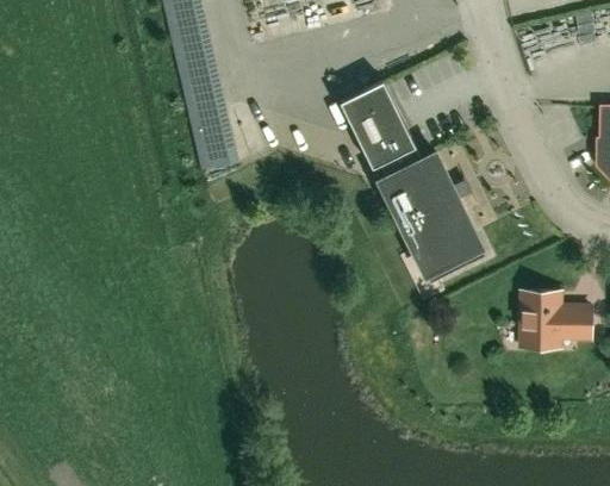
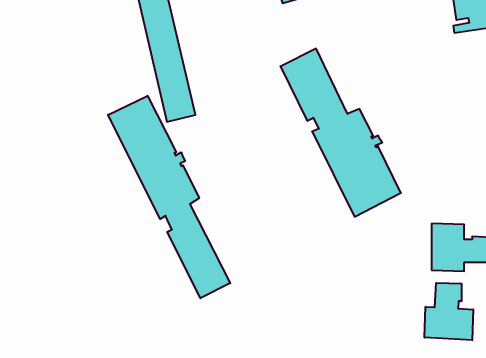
building: none -> [108,96,230,298]
building: none -> [425,283,473,340]

